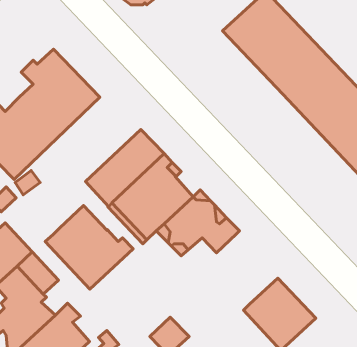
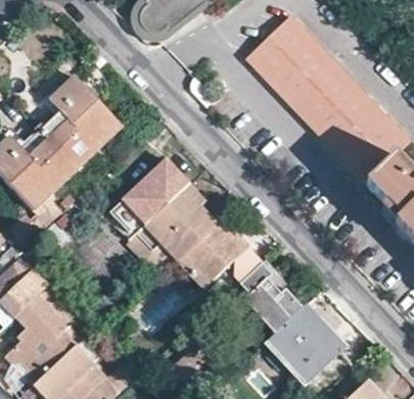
building: [45,206,133,289] -> none
building: none -> [238,264,303,336]

